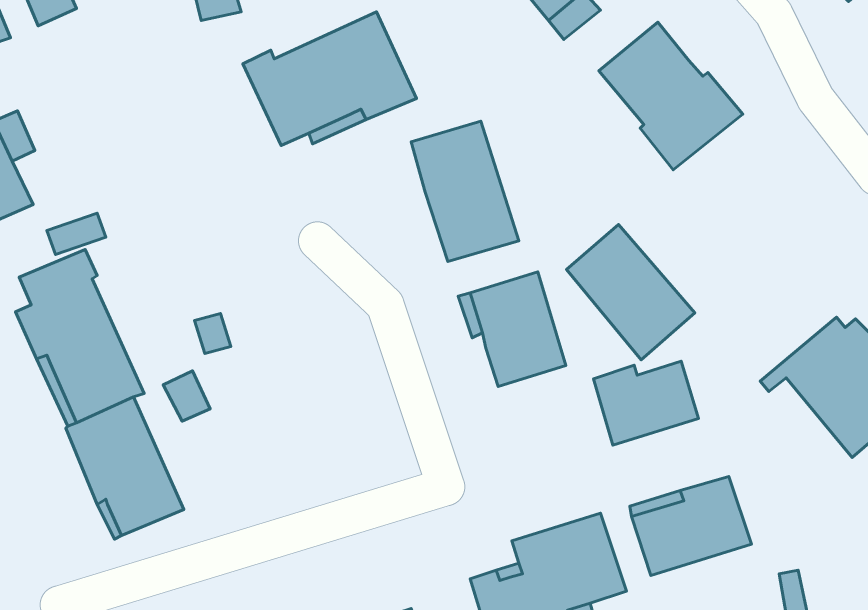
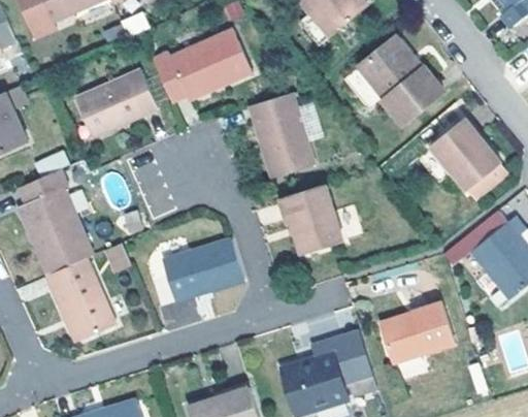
building: none -> [76,75,159,145]
building: [567,224,695,360] -> [434,115,510,195]
building: [594,361,698,445] -> none
building: none -> [163,237,245,302]

